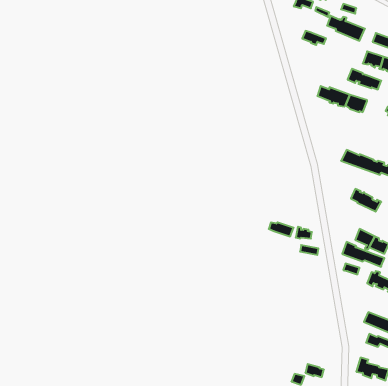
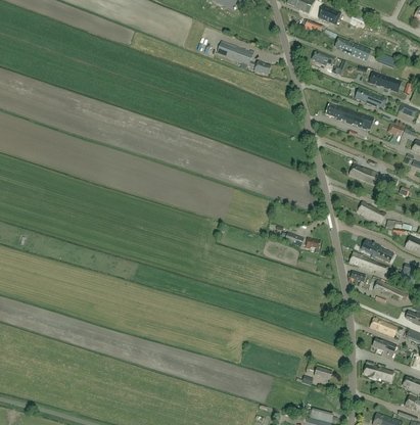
building: none -> [216,42,270,76]

